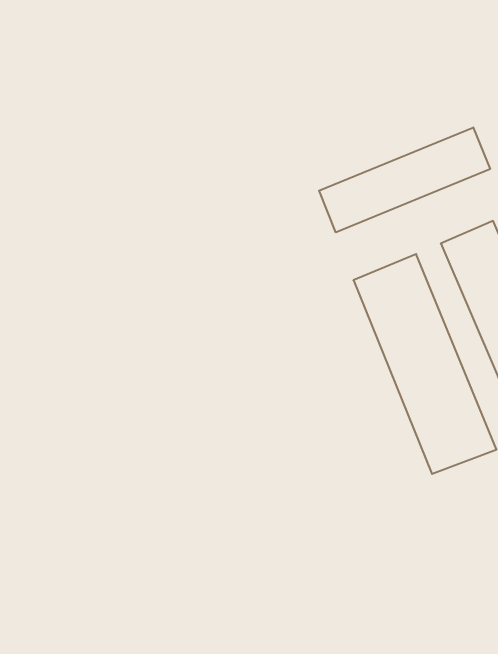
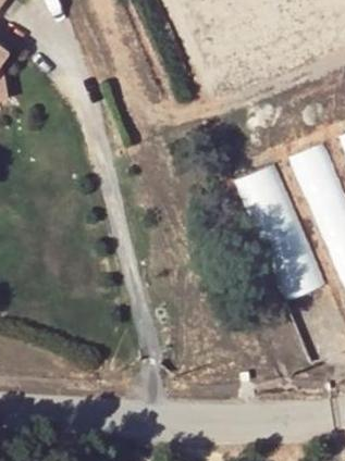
building: [319,127,490,232] -> none

